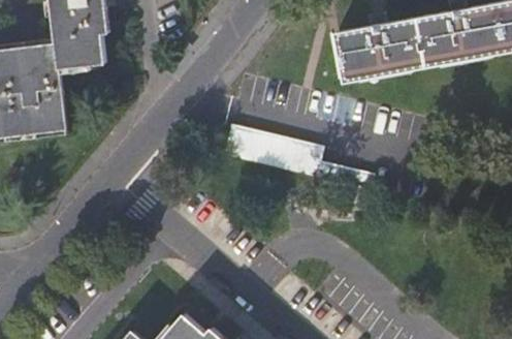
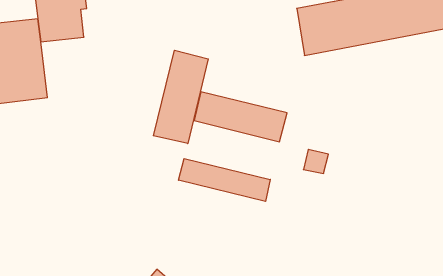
building: none -> [153,50,208,144]
building: none -> [179,159,270,201]

